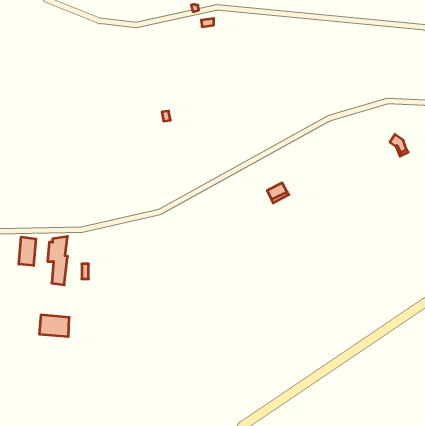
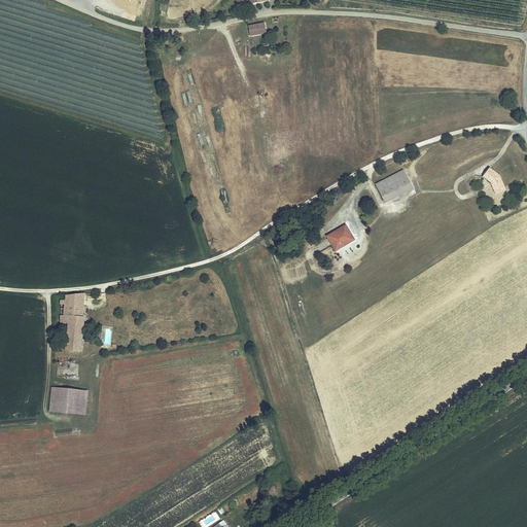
building: none -> [376,169,413,202]
building: [19,237,36,266] -> none

